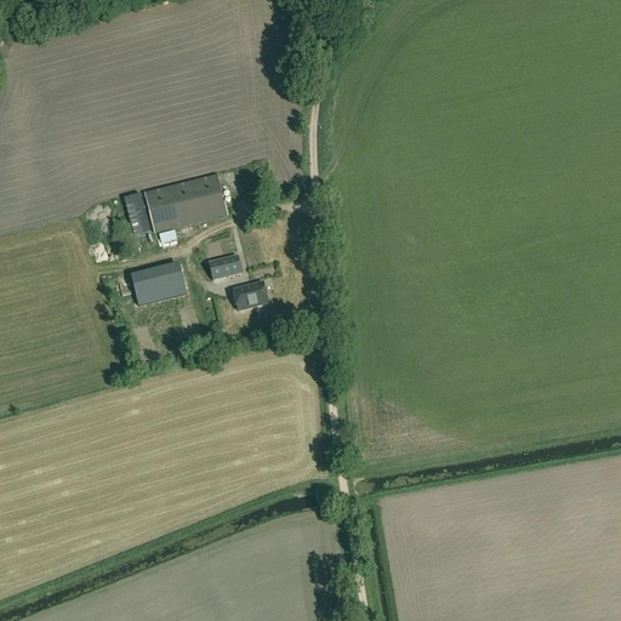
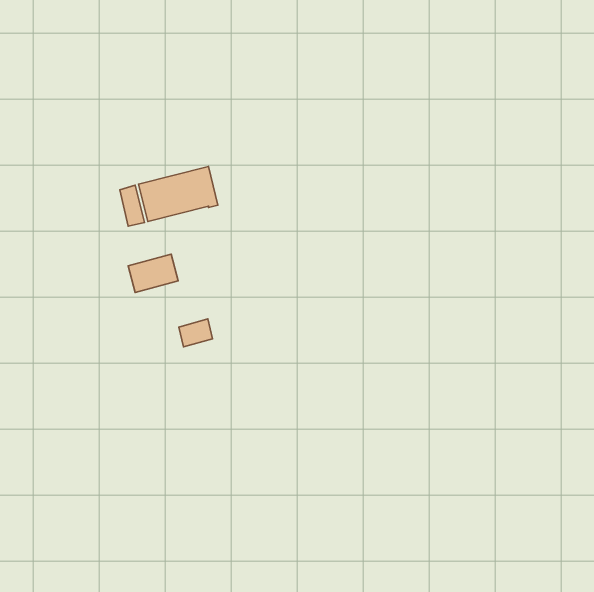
building: [207,252,241,279] -> none
building: [233,280,268,309] -> [179,319,213,347]

